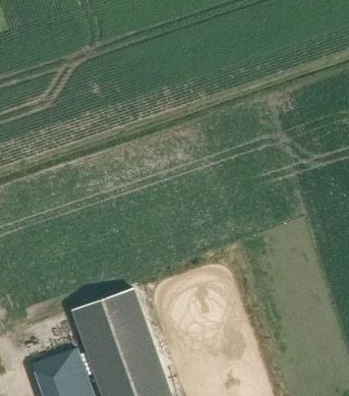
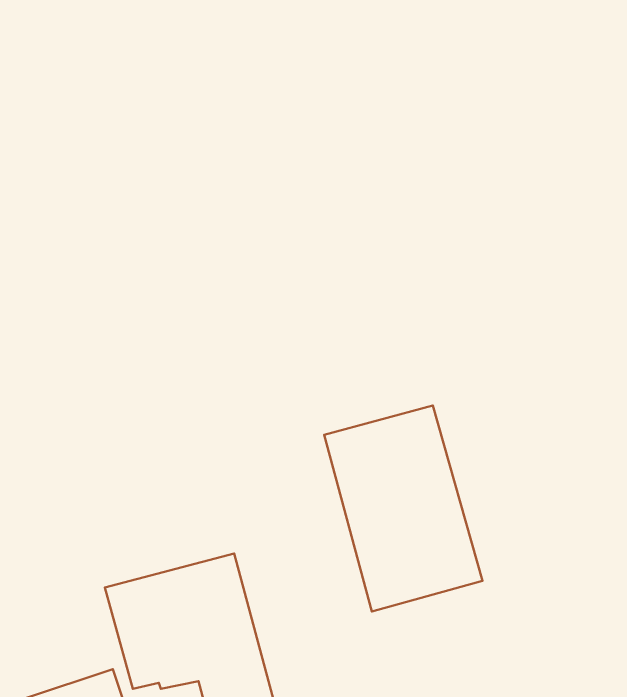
building: none -> [324,406,482,611]

